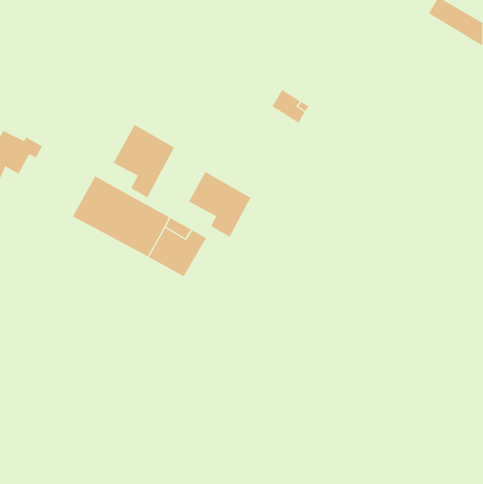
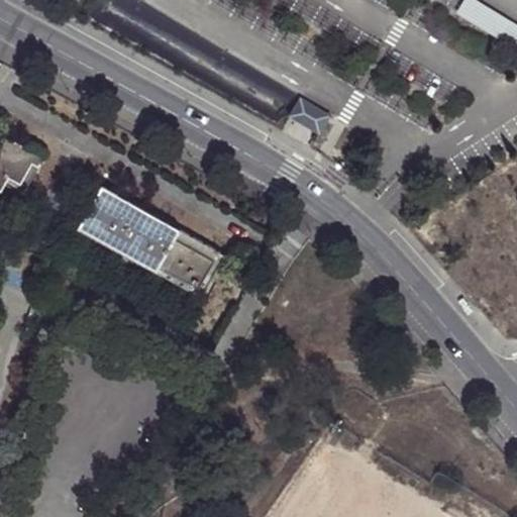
building: [113,124,175,198] -> none
building: [188,171,251,238] -> none

